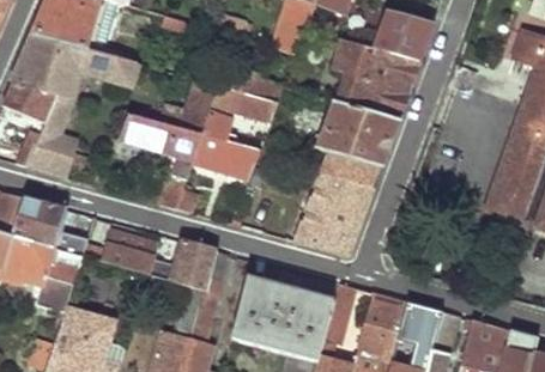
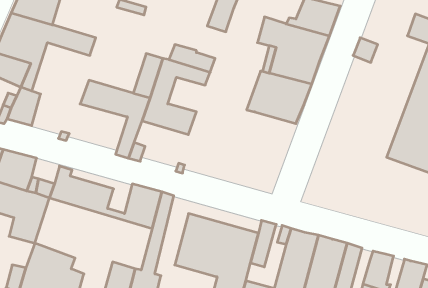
building: [296,152,379,256] -> none

